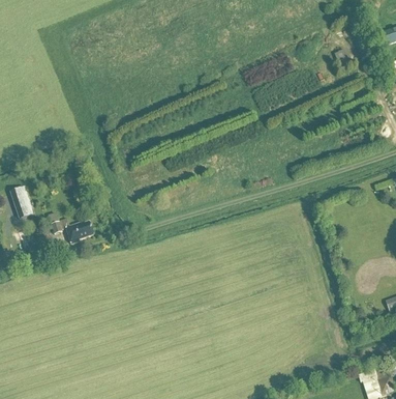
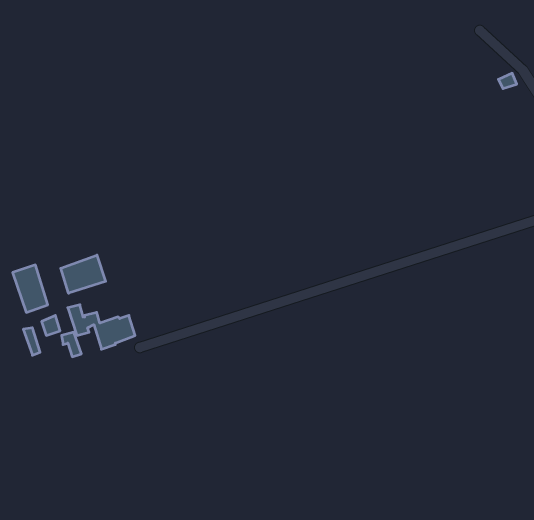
building: none -> [61,255,106,293]

